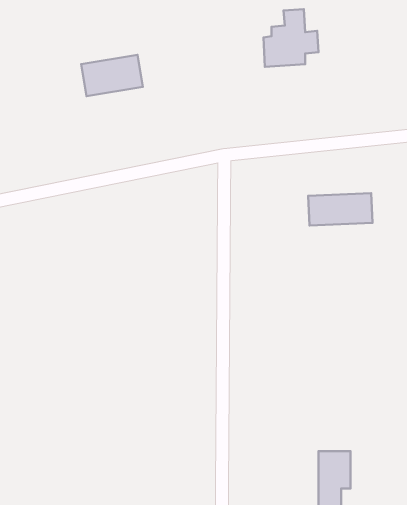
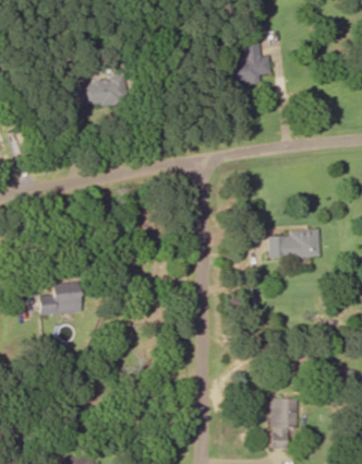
building: [308,193,373,225] -> [267,230,319,257]
building: none -> [38,282,80,313]

